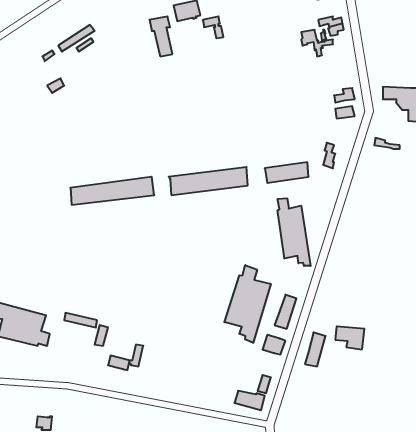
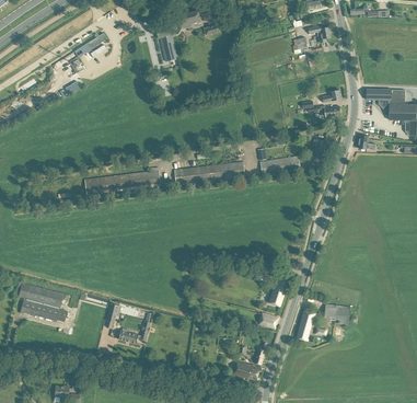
building: [278,198,311,266] -> none
building: [224,265,271,343] -> none

